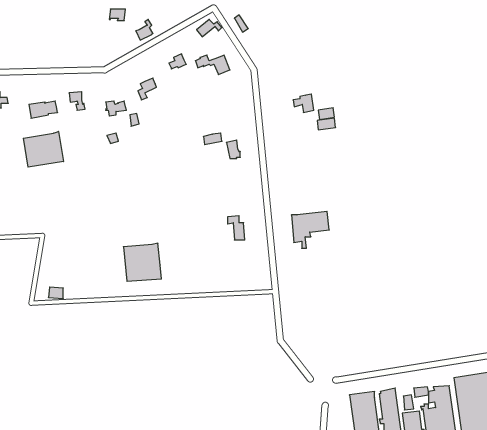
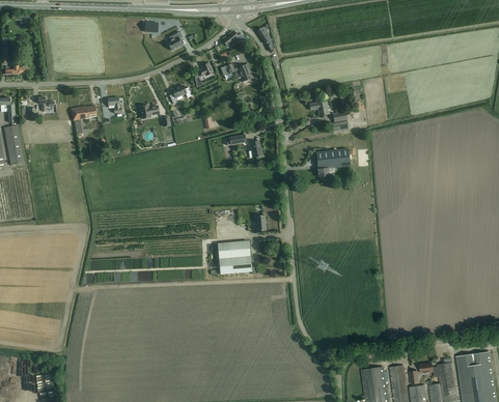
building: [23,131,63,167] -> none
building: [291,211,329,248] -> [316,148,351,181]
building: [123,243,161,281] -> [218,239,252,274]

